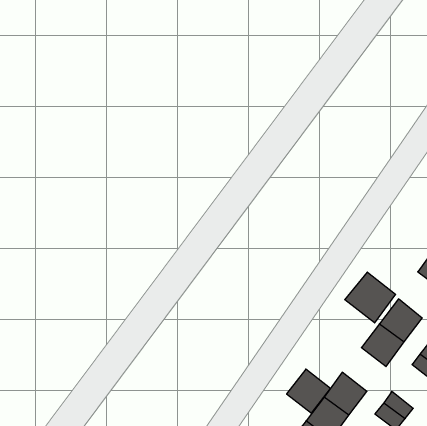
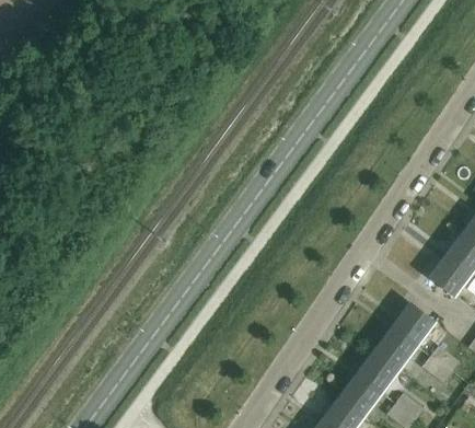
building: [345,272,396,323] -> none
building: [287,369,331,413] -> [356,350,398,393]

